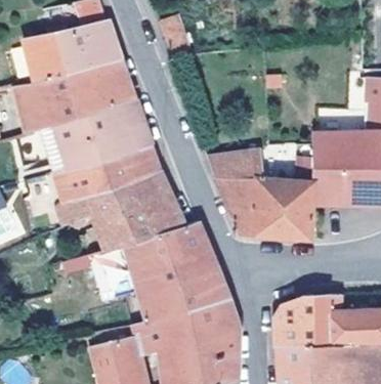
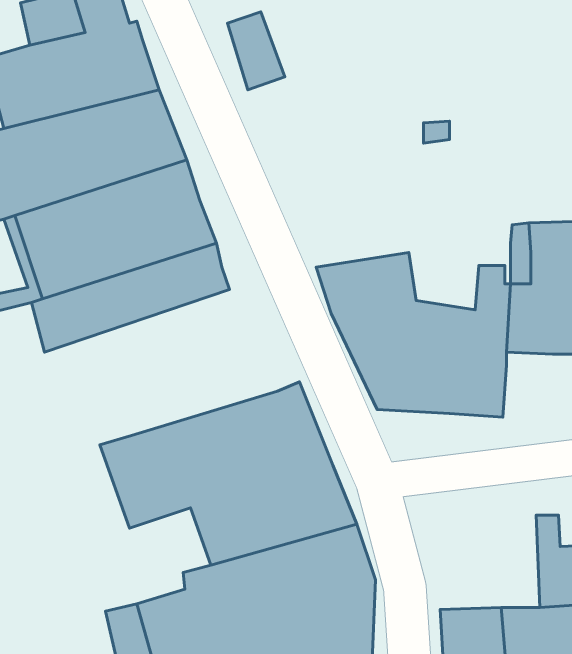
building: [57,168,186,249] -> none
building: [273,293,332,345] -> none

